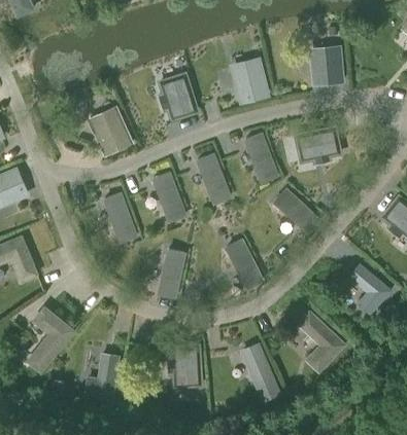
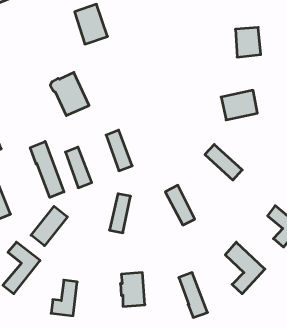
building: [233,62,268,101] -> none
building: [158,71,198,119] -> [75,4,108,44]
building: [245,134,274,175] -> none
building: [197,154,230,204] -> none
building: none -> [30,141,64,197]
building: none -> [31,206,67,246]

